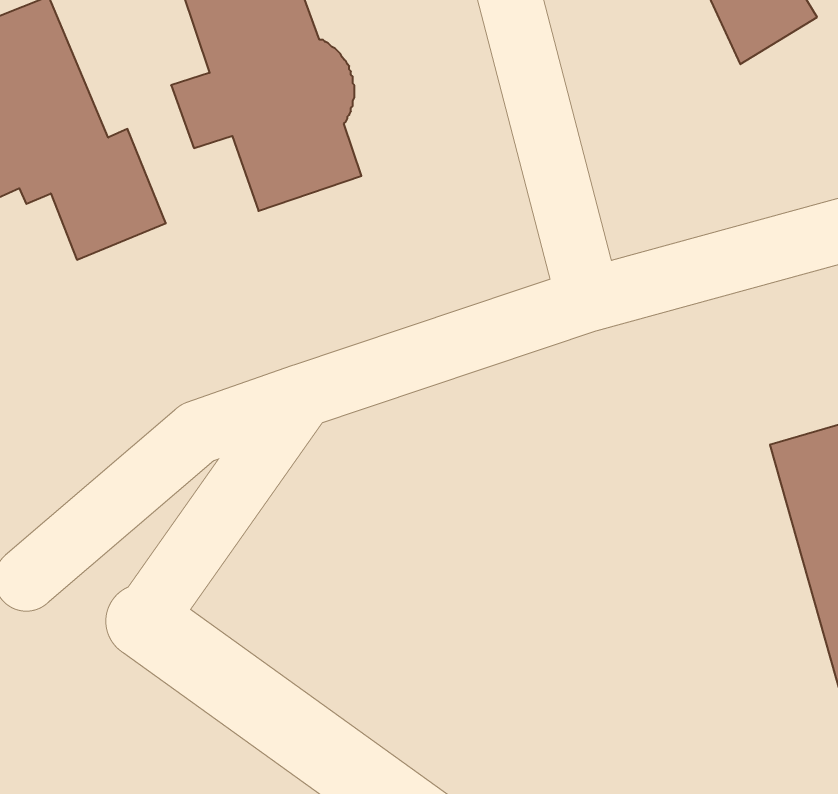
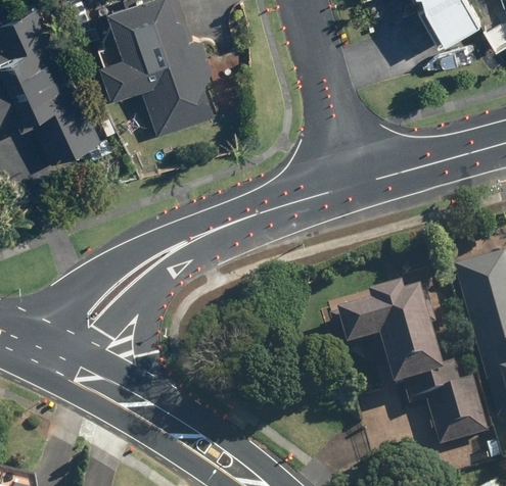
building: none -> [331,285,486,446]

